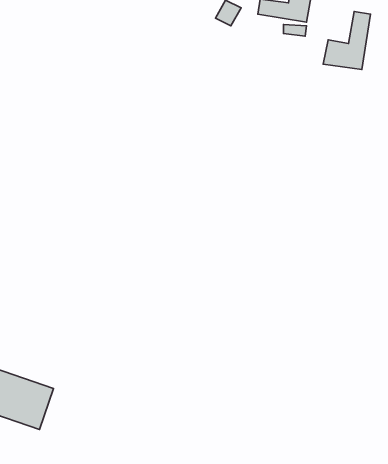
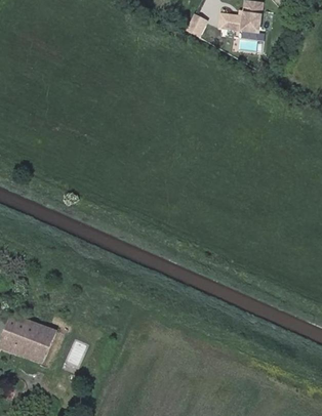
building: [323,12,371,69] -> none

